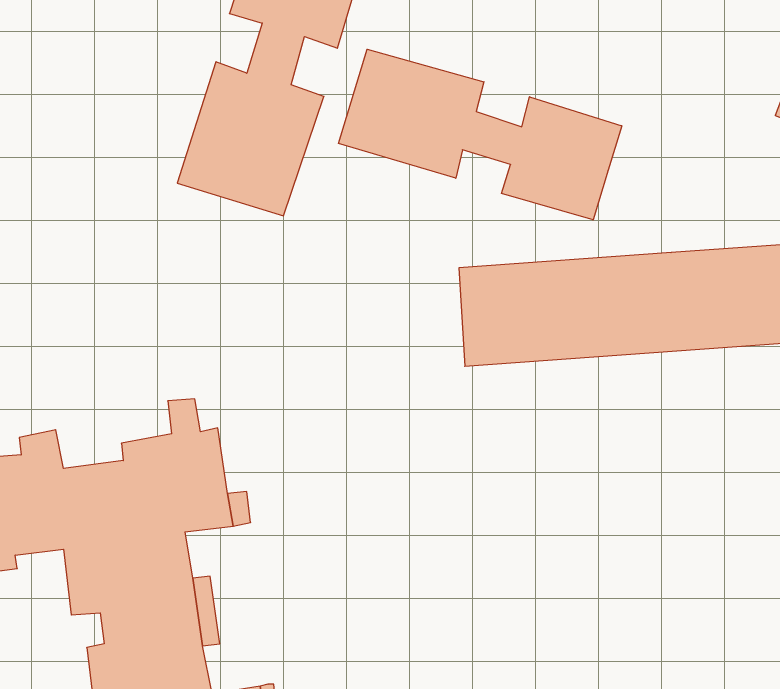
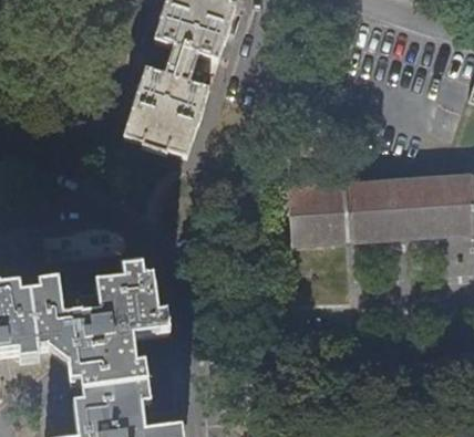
building: [338,49,622,220] -> none

